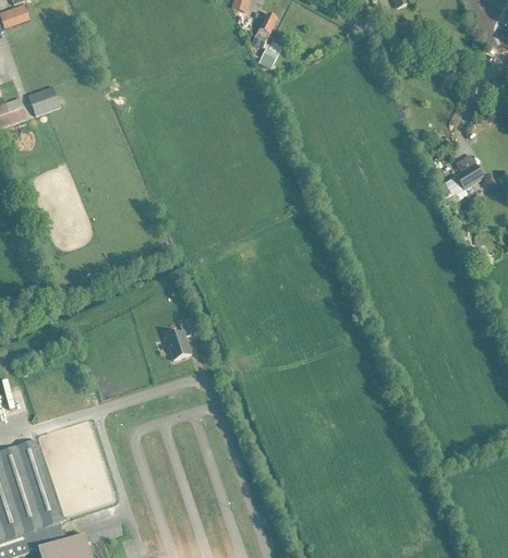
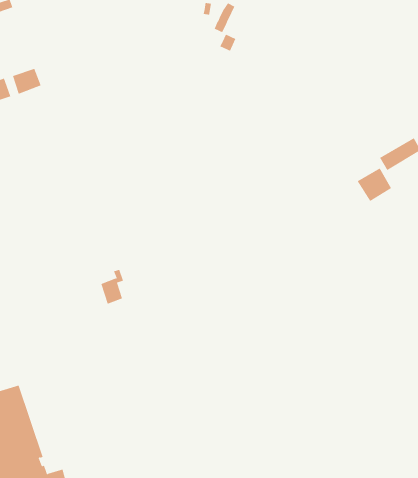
building: none -> [357,168,392,202]
building: [166,320,192,360] -> [100,269,124,304]

